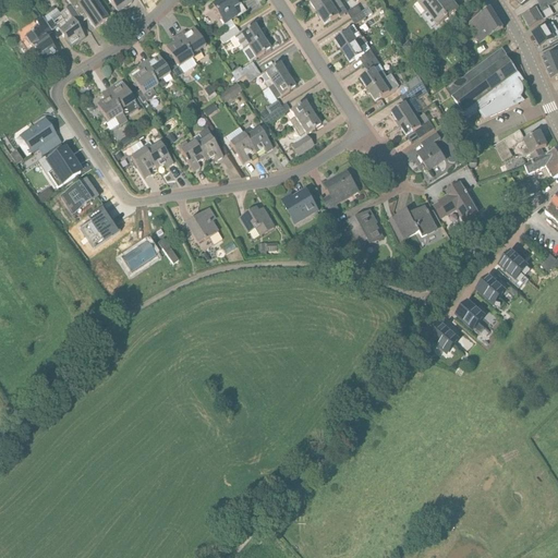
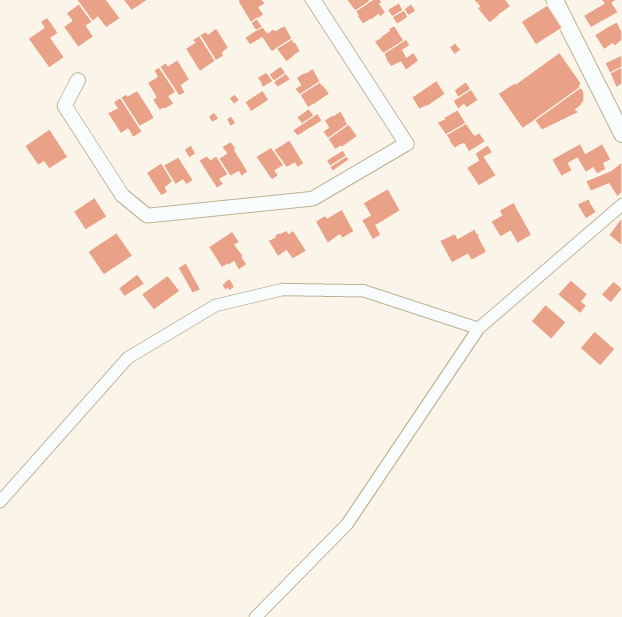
building: [360,54,387,87] -> none
building: [46,144,75,182] -> none
building: [340,208,383,247] -> none
building: [454,298,486,329] -> [580,331,615,366]
building: [429,322,460,352] -> none

